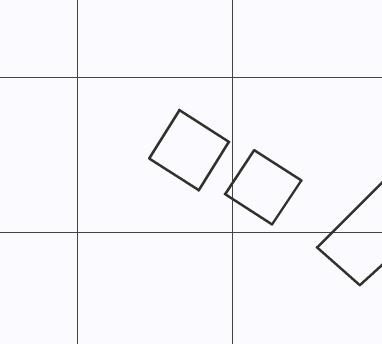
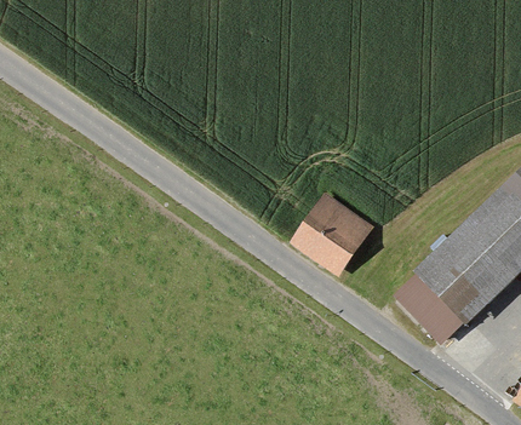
building: [149,110,229,190] -> none

